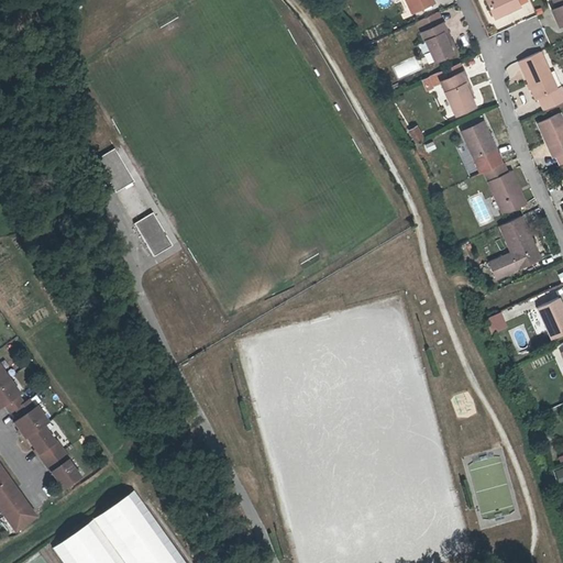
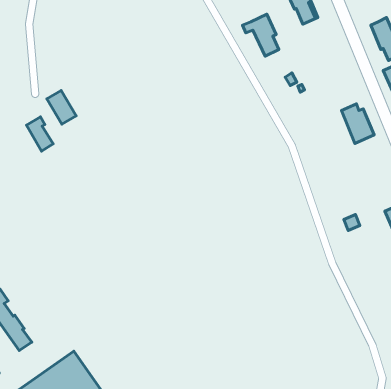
building: [427,65,474,120] -> [243,14,279,56]
building: [463,121,504,173] -> none
building: [136,212,172,257] -> [26,117,53,151]
building: [490,218,542,280] -> none

